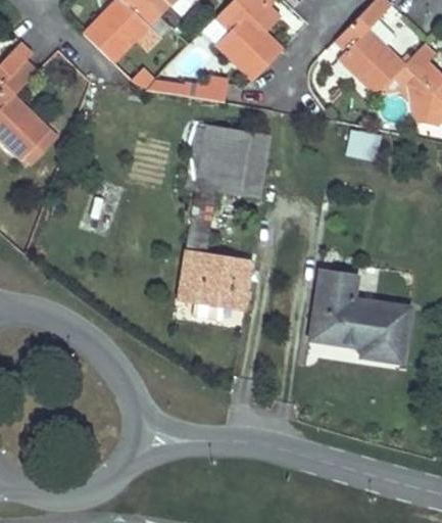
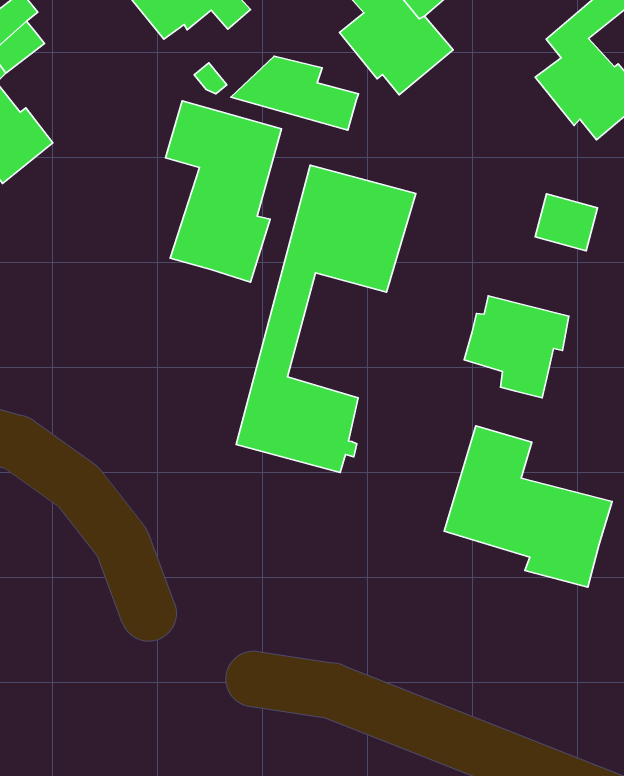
building: none -> [165,101,281,282]
building: none -> [464,296,569,398]

